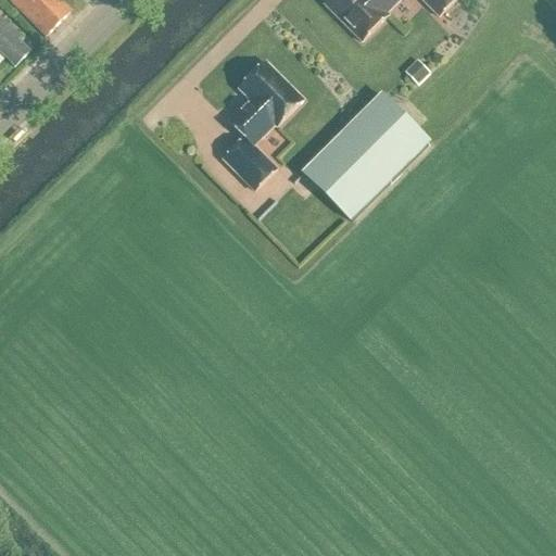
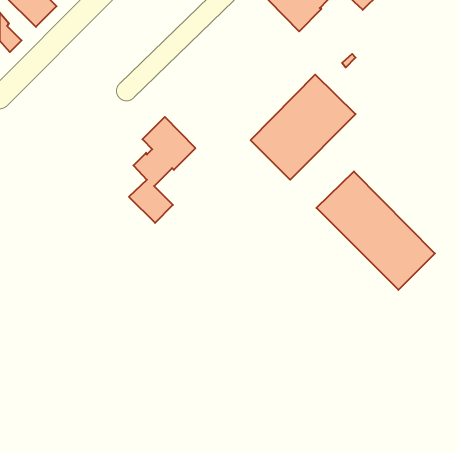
building: [223,59,303,187] -> [129,117,195,223]
building: none -> [316,171,435,290]

